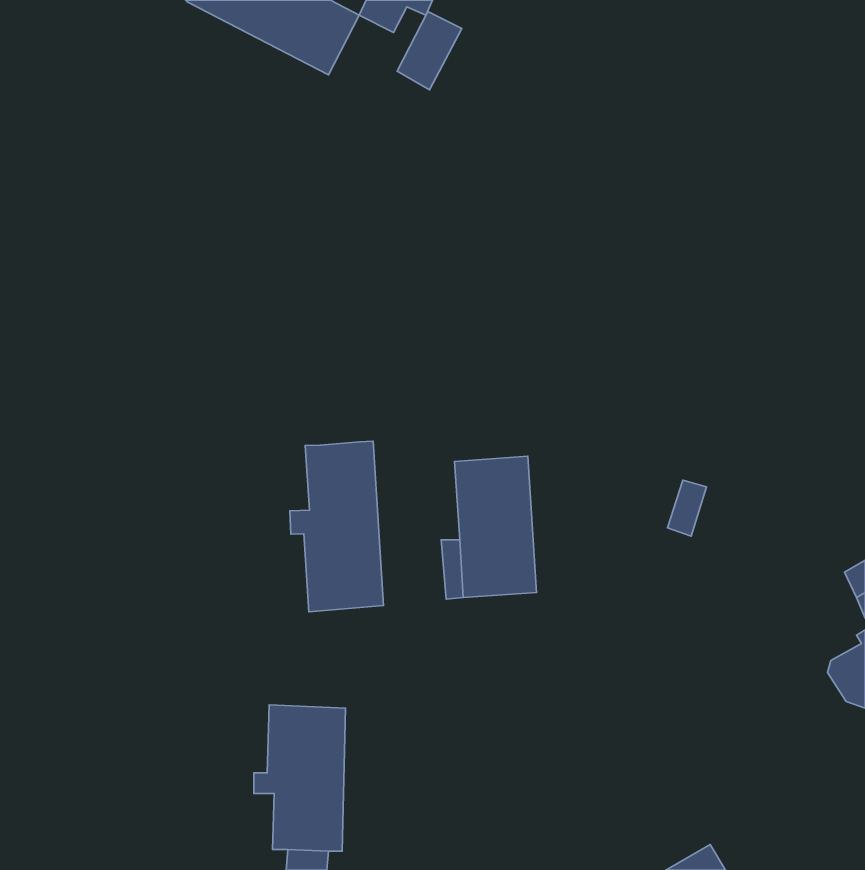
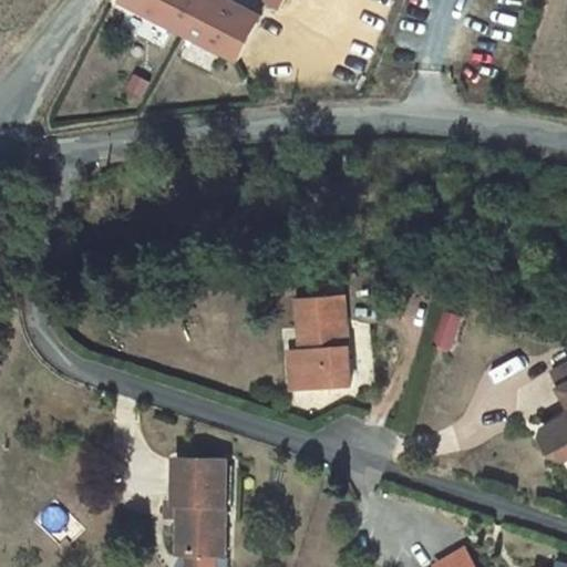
building: [397,11,462,90] -> [214,10,256,61]
building: [290,441,383,612] -> none

